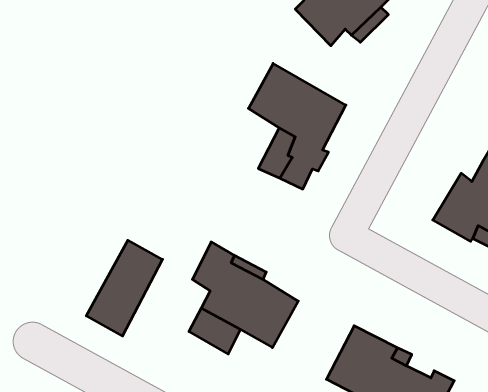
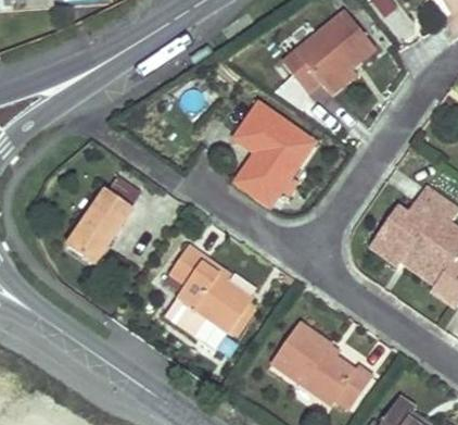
building: [86,240,163,336] -> [68,184,135,260]

